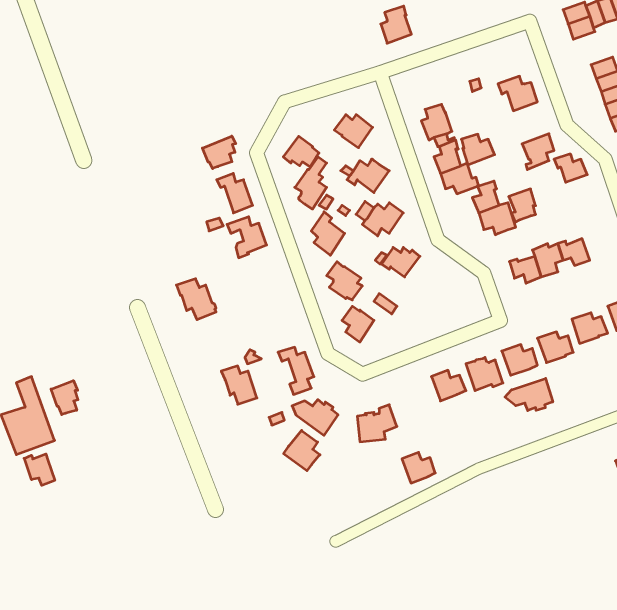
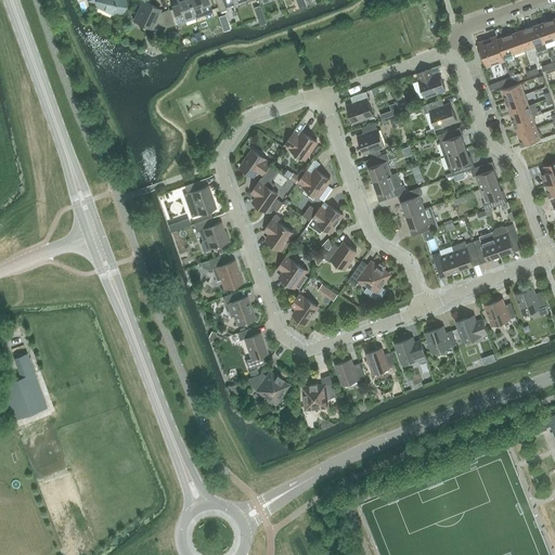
building: [381,6,411,43] -> [347,91,373,122]
building: none -> [417,68,446,96]
building: [461,134,495,165] -> [438,130,466,156]
building: [202,136,236,169] -> none
building: [509,189,536,222] -> [480,182,503,210]
building: none -> [492,224,519,255]
building: none -> [348,262,389,302]
building: [176,279,216,320] -> [208,255,242,289]
building: [221,366,257,404] -> [223,292,254,324]
building: [505,378,553,411] -> none
building: [51,381,78,415] -> none
building: [284,430,320,471] -> none
building: [402,452,435,483] -> [336,359,364,385]
building: [24,454,55,485] -> none

